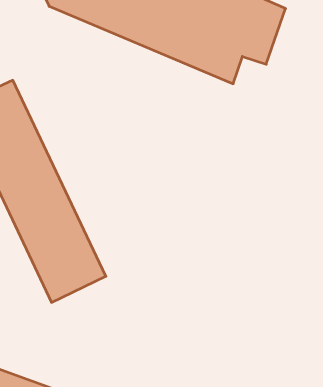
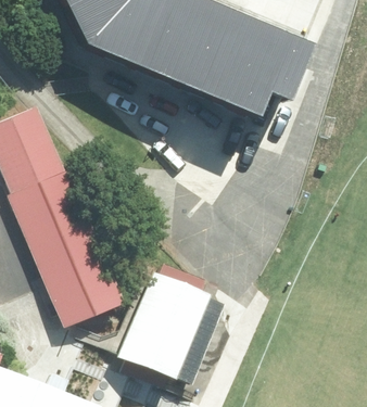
building: none -> [116,278,220,395]

